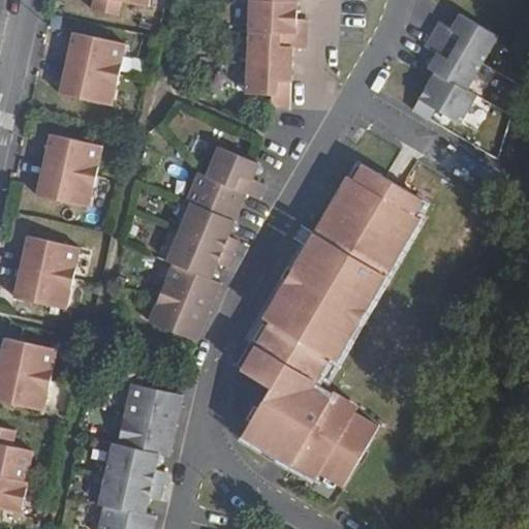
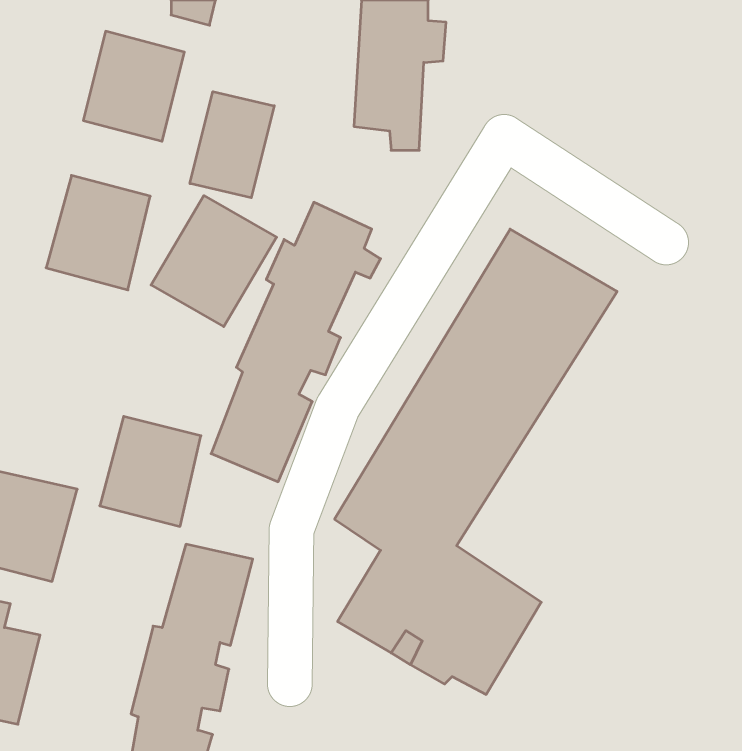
building: [421,20,503,128] -> none
building: none -> [190,92,274,198]
building: none -> [151,196,277,327]
building: [7,231,77,308] -> [100,416,201,526]

